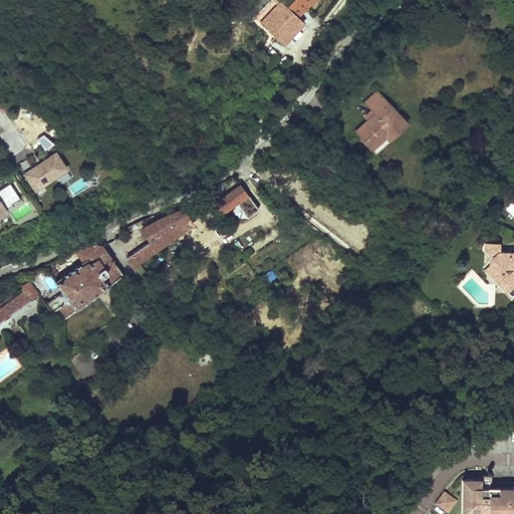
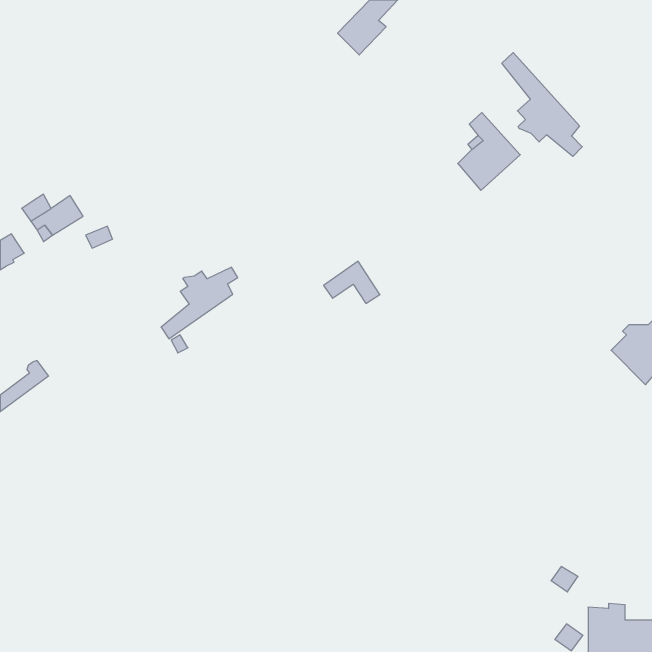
building: none -> [502,53,582,156]
building: [214,186,258,219] -> [324,261,380,303]
building: [45,243,122,322] -> none

